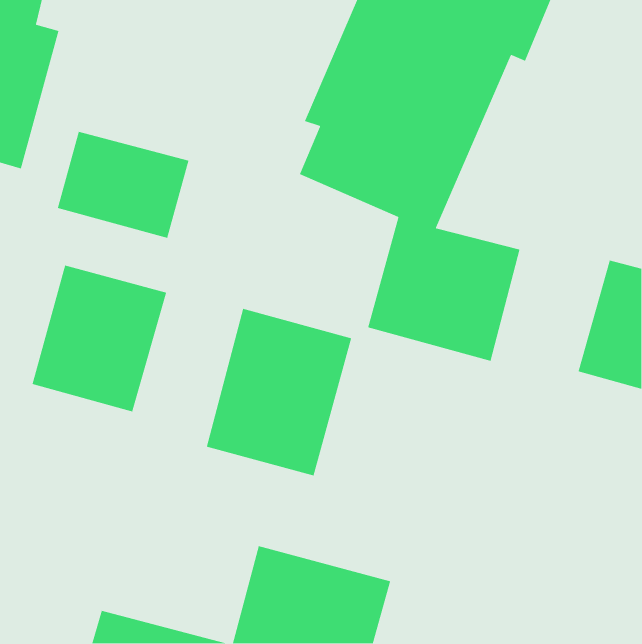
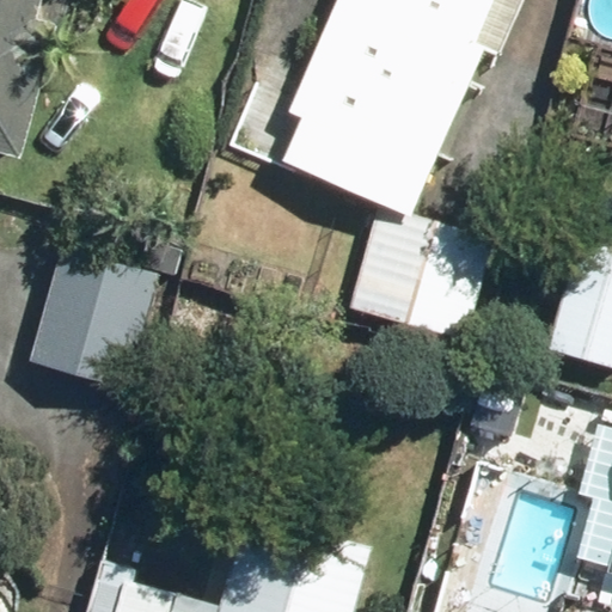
building: [57,131,189,239] -> none
building: [206,308,352,477] -> none

